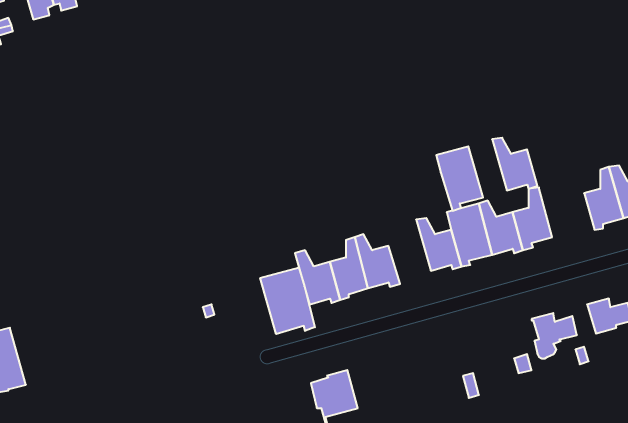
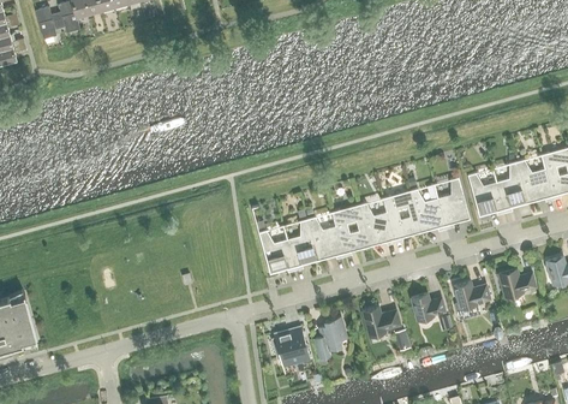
building: [492,138,537,190] -> [467,173,504,216]
building: [436,146,483,211] -> [331,204,370,257]
building: [260,267,315,334] -> none
building: none -> [411,293,446,321]
building: none -> [363,307,400,337]
building: none -> [315,317,346,366]

